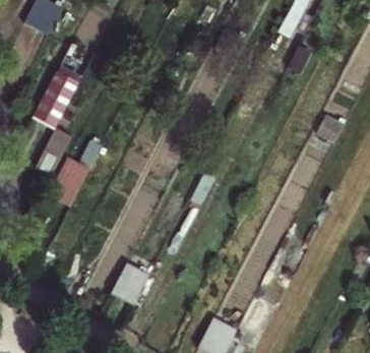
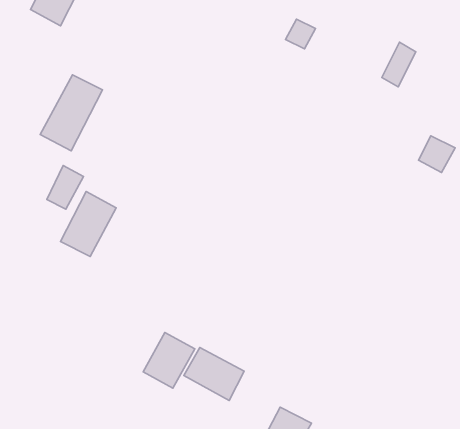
building: none -> [184,347,244,400]

